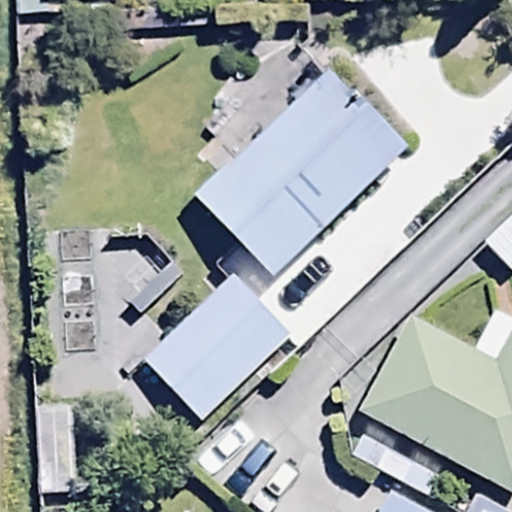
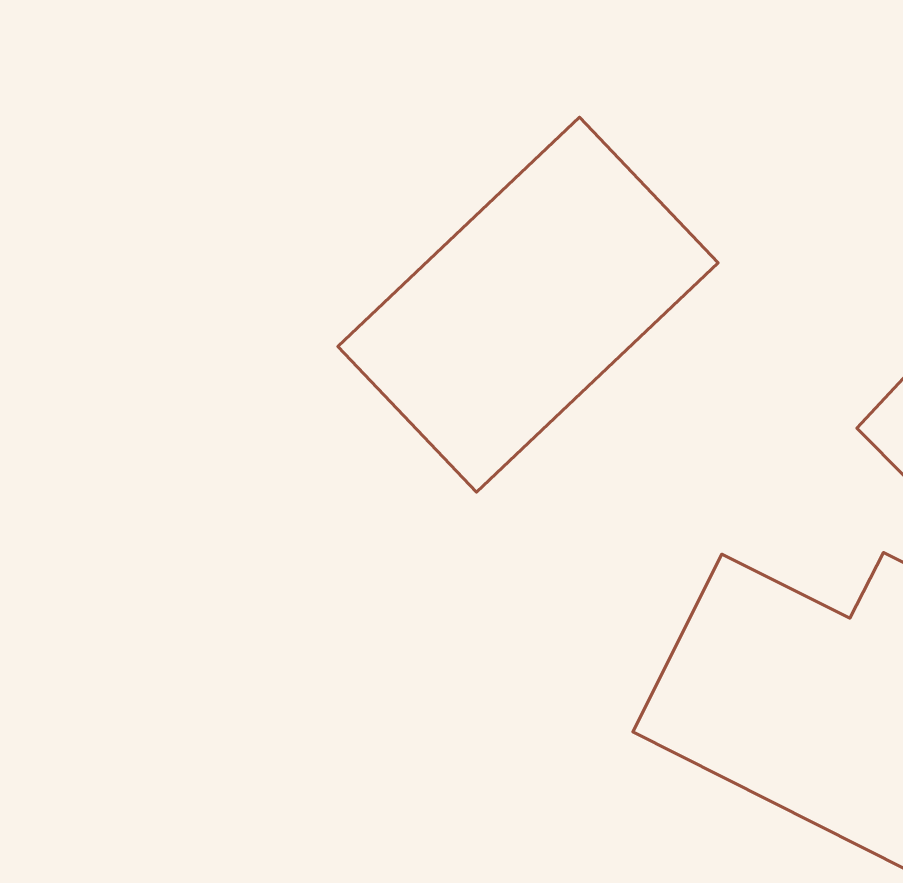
building: [143,271,293,421] -> none

